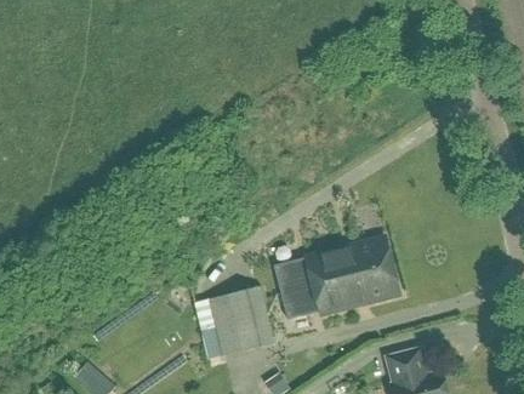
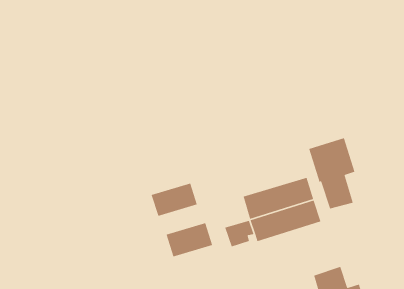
building: none -> [308,137,355,210]
building: [274,261,312,293] -> none
building: [216,315,273,355] -> [151,182,198,217]

